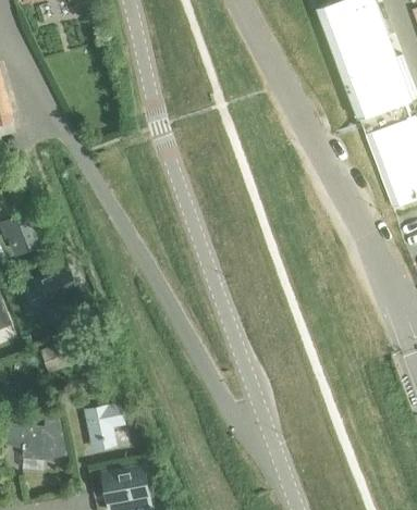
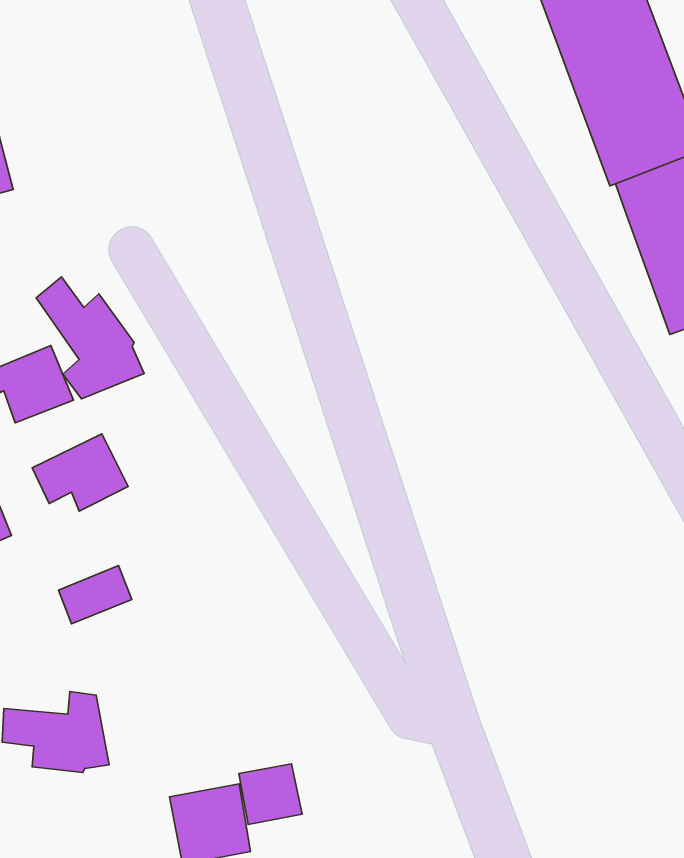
building: none -> [36,277,144,399]
building: [85,402,124,441] -> none
building: none -> [239,764,302,824]

